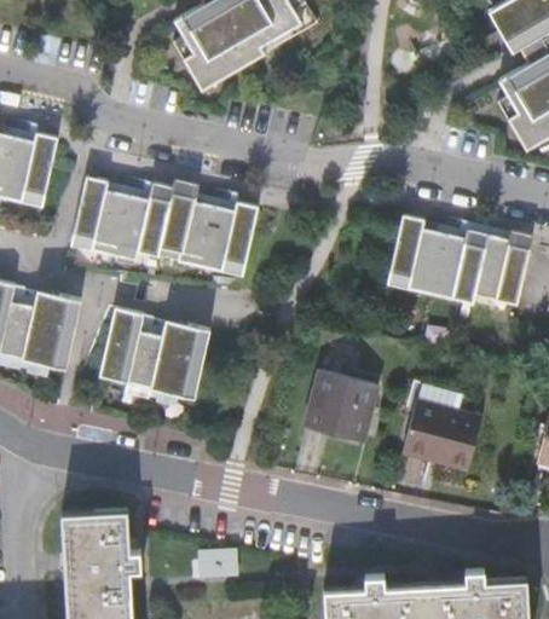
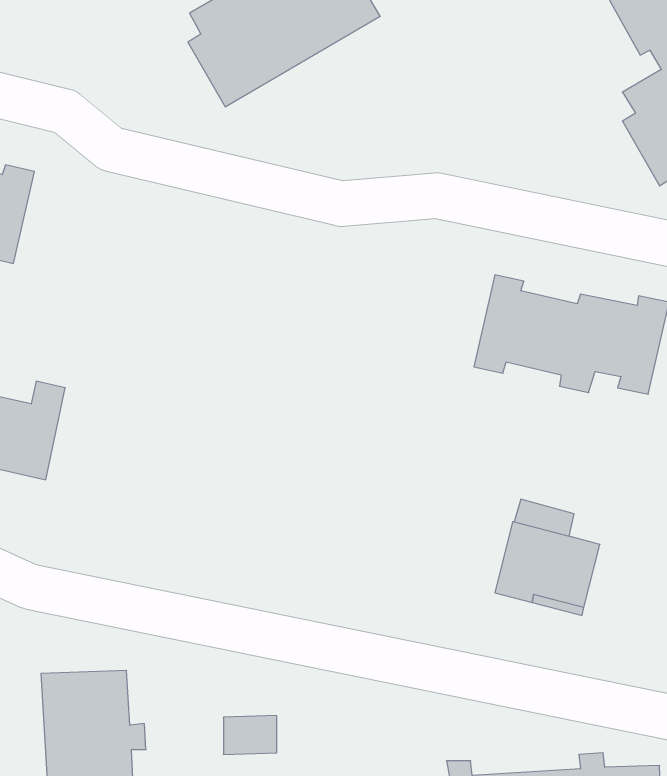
building: [70,177,259,276] -> none
building: [99,307,210,398] -> none
building: [306,372,376,442] -> none

